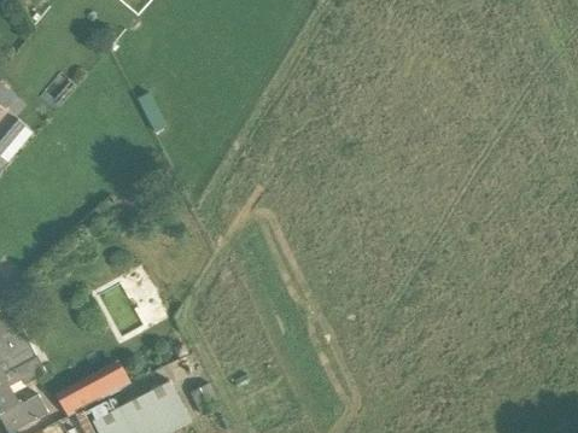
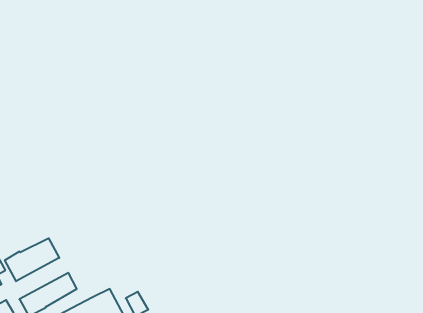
building: none -> [5,238,59,281]

